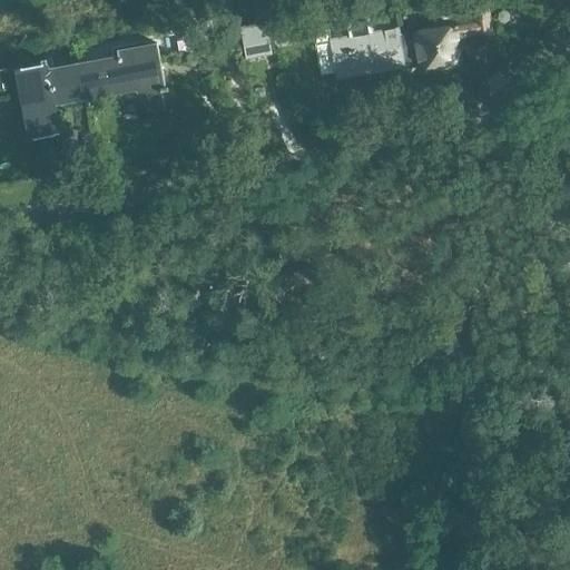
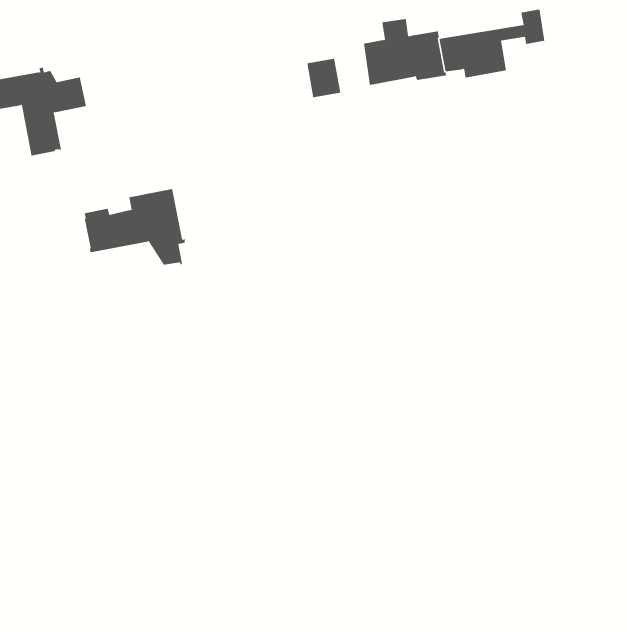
building: [236,23,267,59] -> [306,58,341,98]
building: [72,43,164,112] -> [84,188,185,265]

